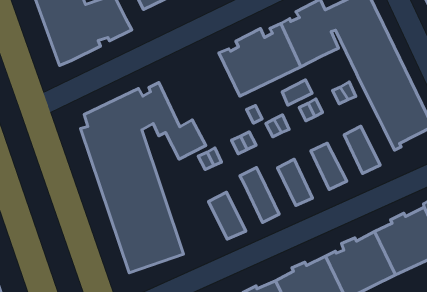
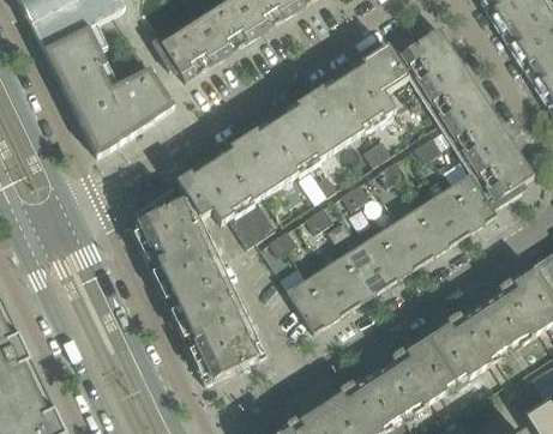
building: none -> [214,119,308,209]
building: none -> [451,171,497,225]
building: none -> [415,195,459,248]
building: none -> [379,218,423,272]
building: none -> [343,242,387,295]
building: none -> [306,265,351,319]

